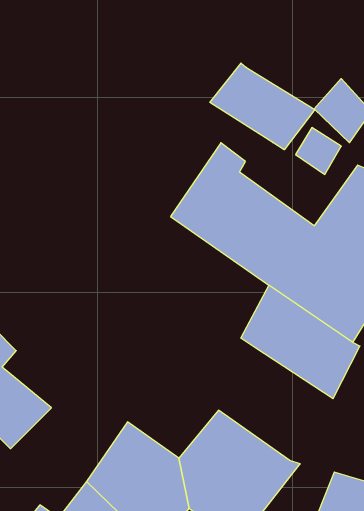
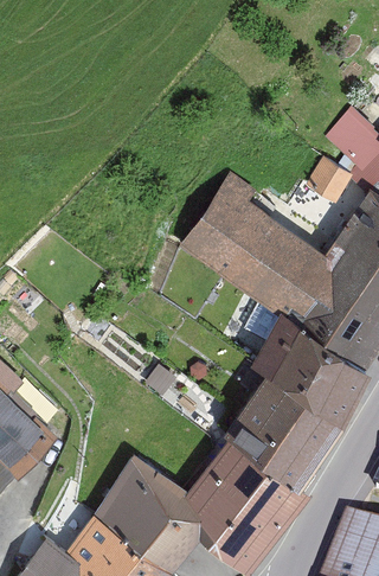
building: [210,63,315,150] -> none
building: none -> [224,379,345,494]

